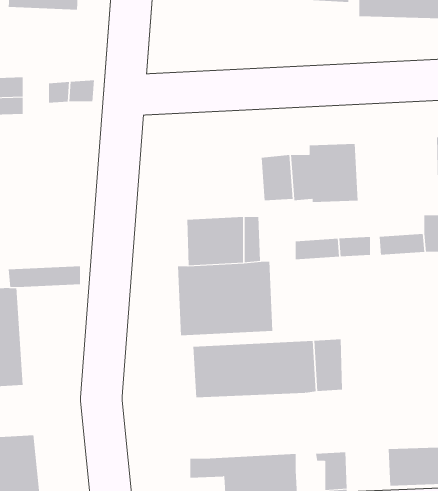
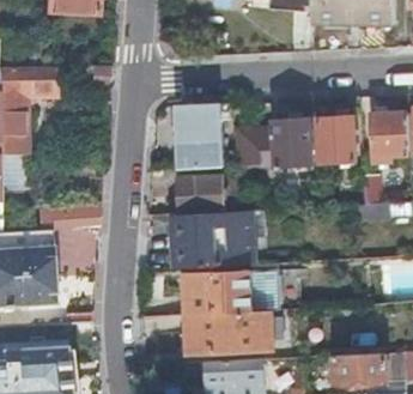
building: none -> [178,102,231,165]
building: none -> [318,114,357,160]
building: none -> [188,310,274,351]

